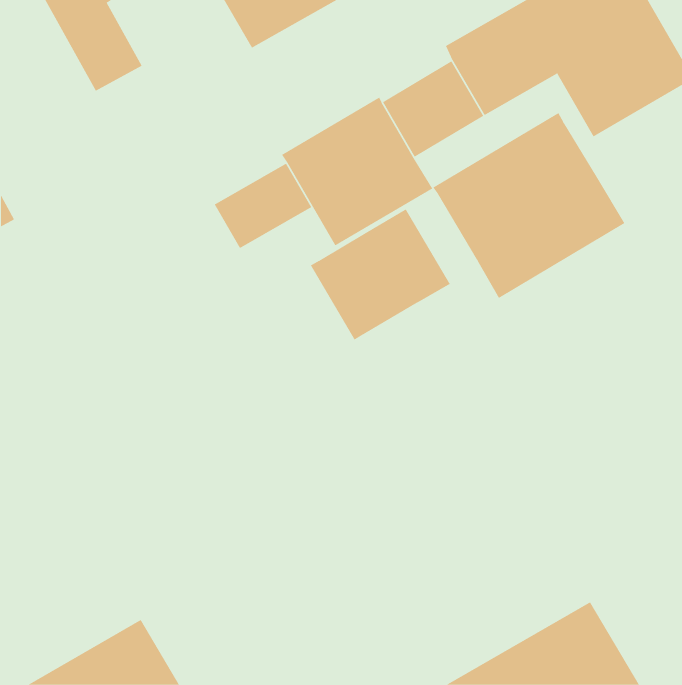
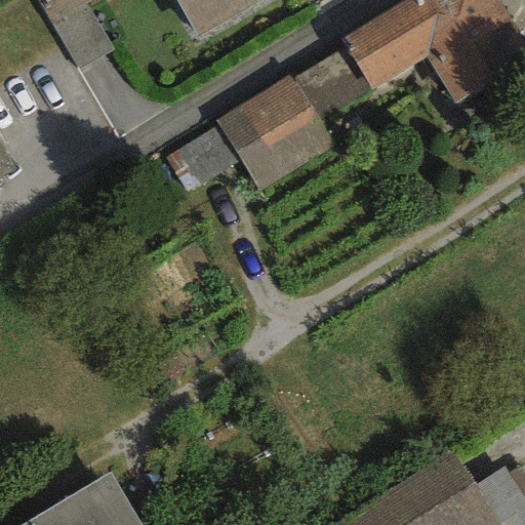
building: [432,112,625,299] -> none
building: [310,209,450,341] -> none

